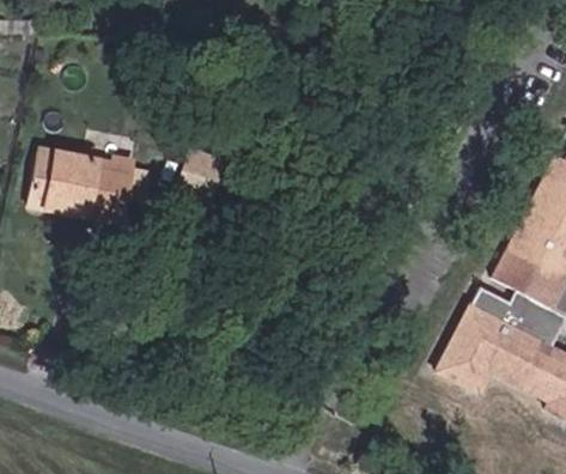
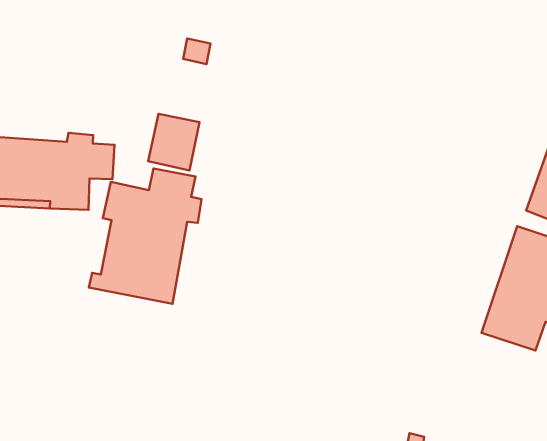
building: none -> [89,168,202,304]

